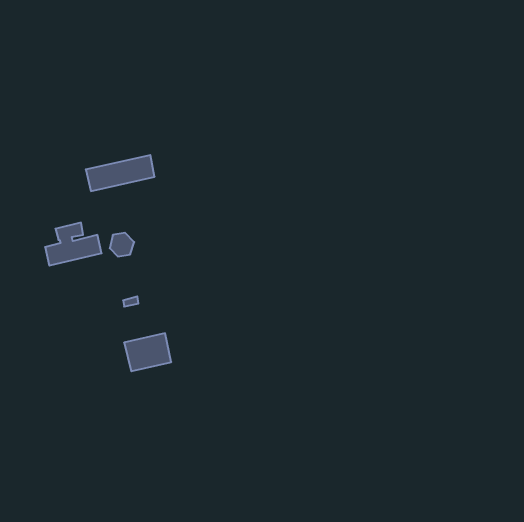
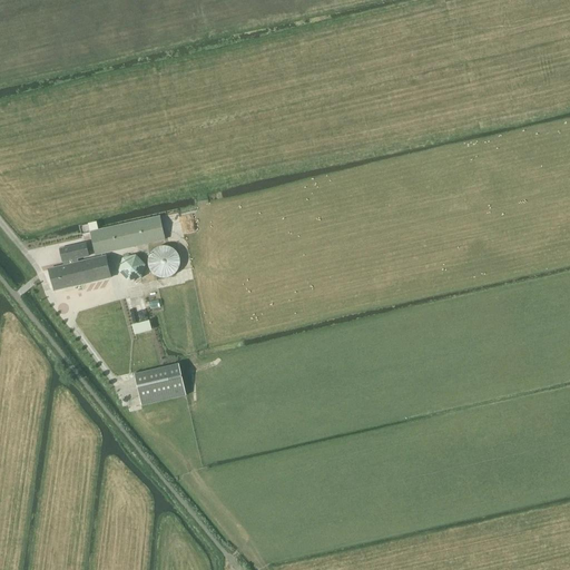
building: [86,155,155,191] -> [90,215,165,254]
building: none -> [153,249,180,277]

